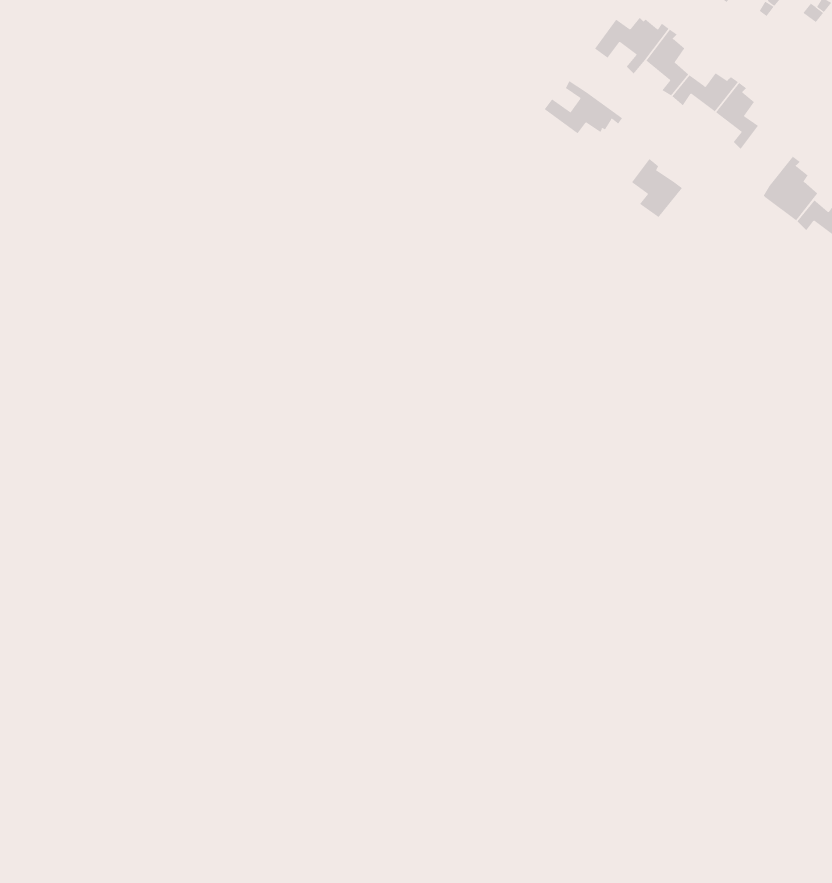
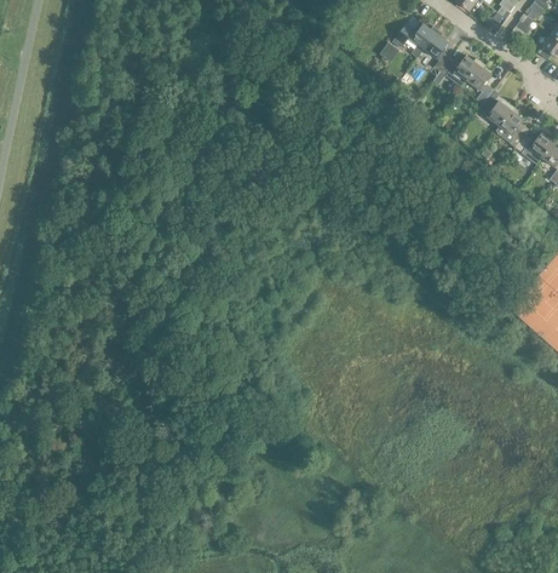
building: [544,80,623,134] -> none
building: [631,158,683,218] -> [482,87,513,124]

